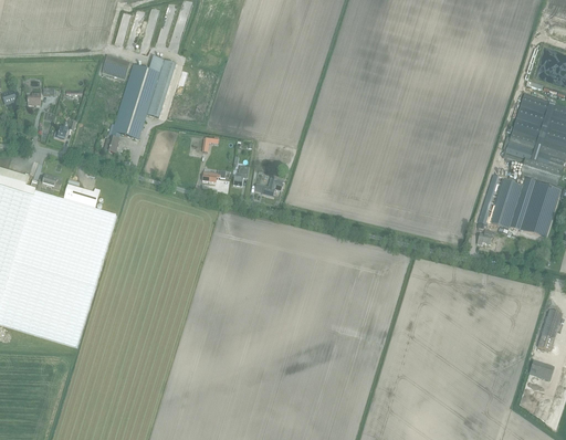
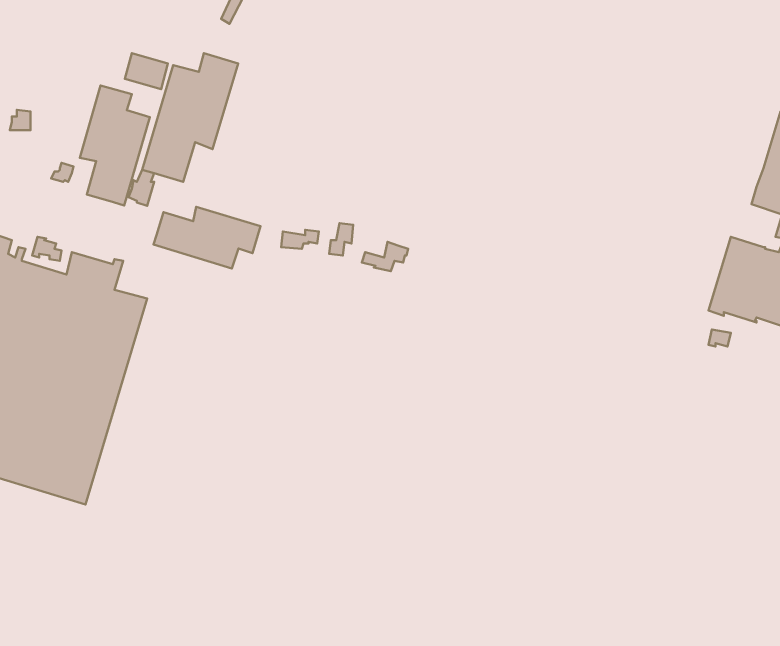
building: none -> [80,85,150,205]
building: none -> [154,207,261,268]

